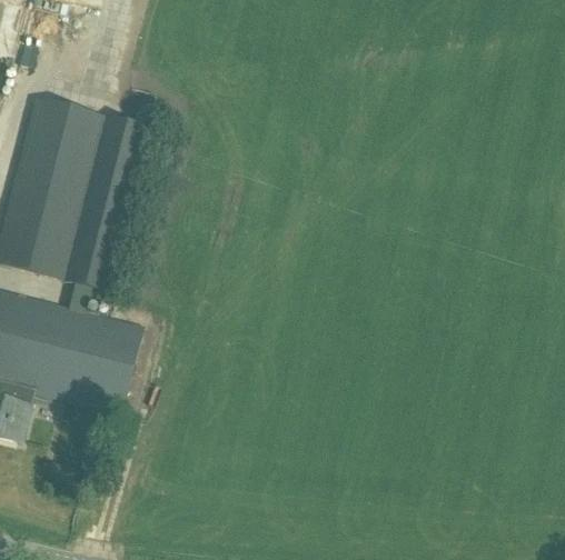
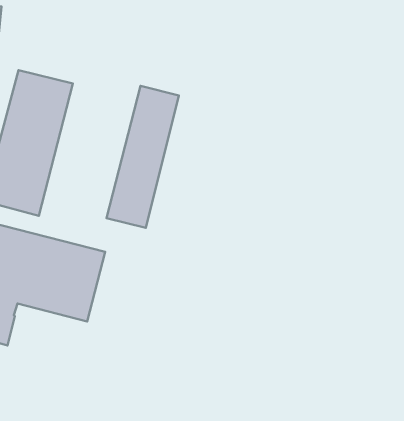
building: [57,114,147,291] -> [107,86,179,228]

